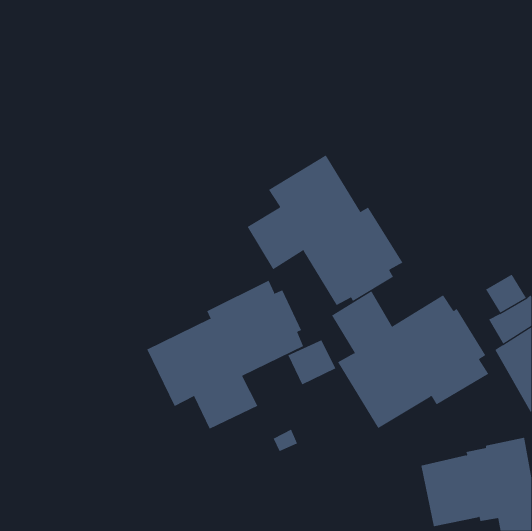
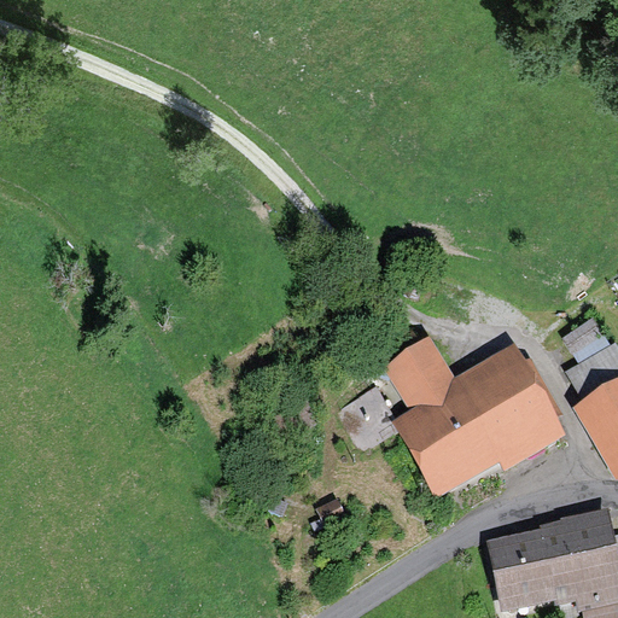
building: [247,154,403,306] -> none
building: [147,280,304,430] -> none

